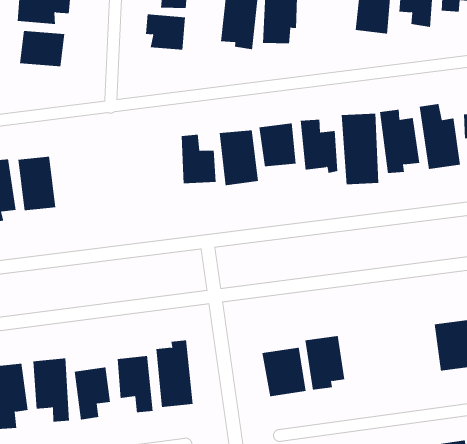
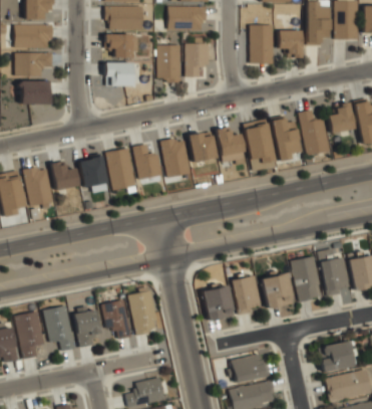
building: none -> [106,148,137,191]
building: none -> [79,156,107,188]
building: none -> [51,161,79,191]
building: none -> [292,256,320,301]
building: none -> [264,274,293,308]

